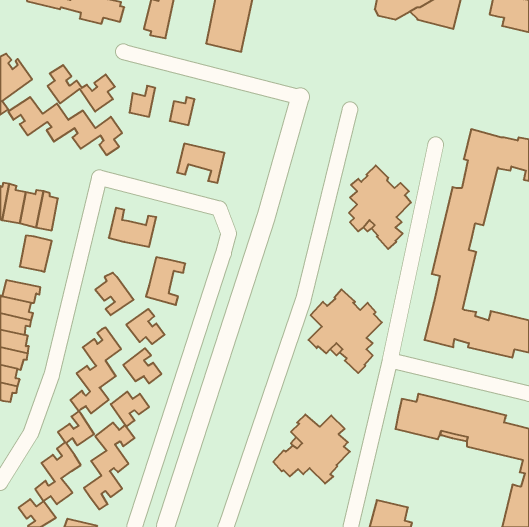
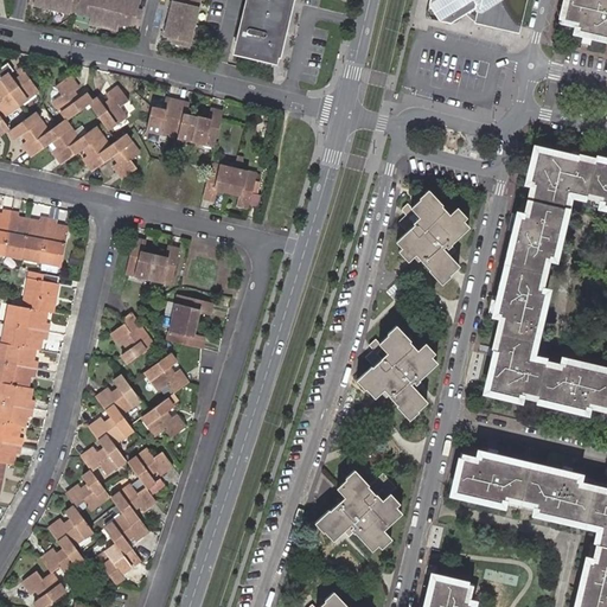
building: none -> [171,101,199,139]
building: none -> [7,304,49,330]

